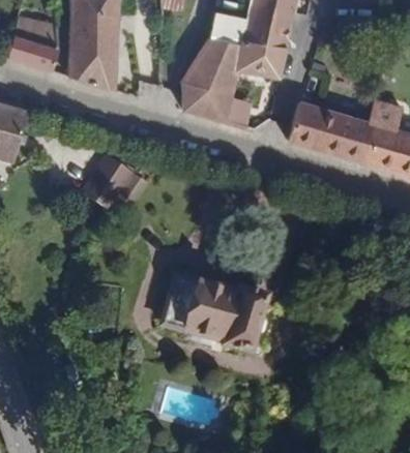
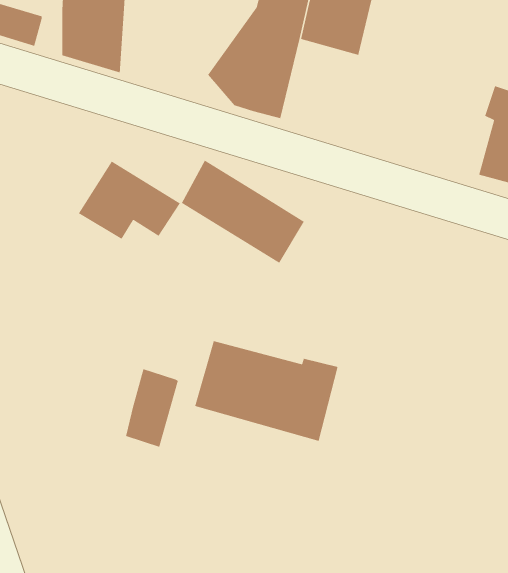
building: [287,100,374,162] -> none
building: none -> [181,159,305,264]
building: none -> [125,368,179,448]

